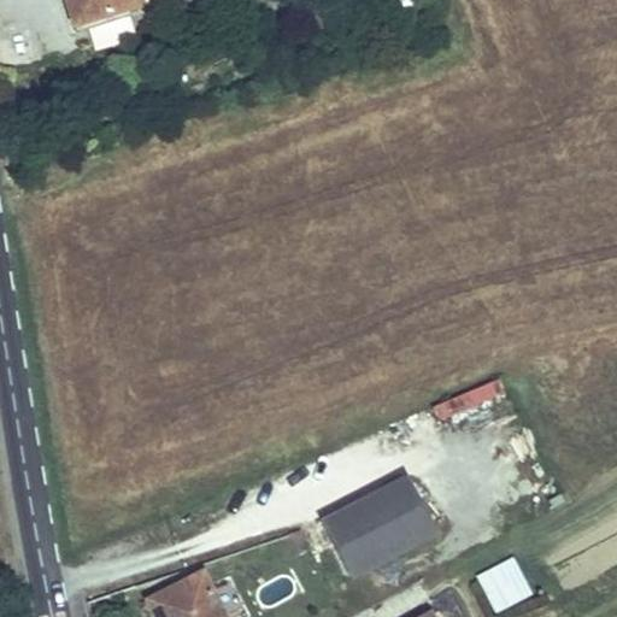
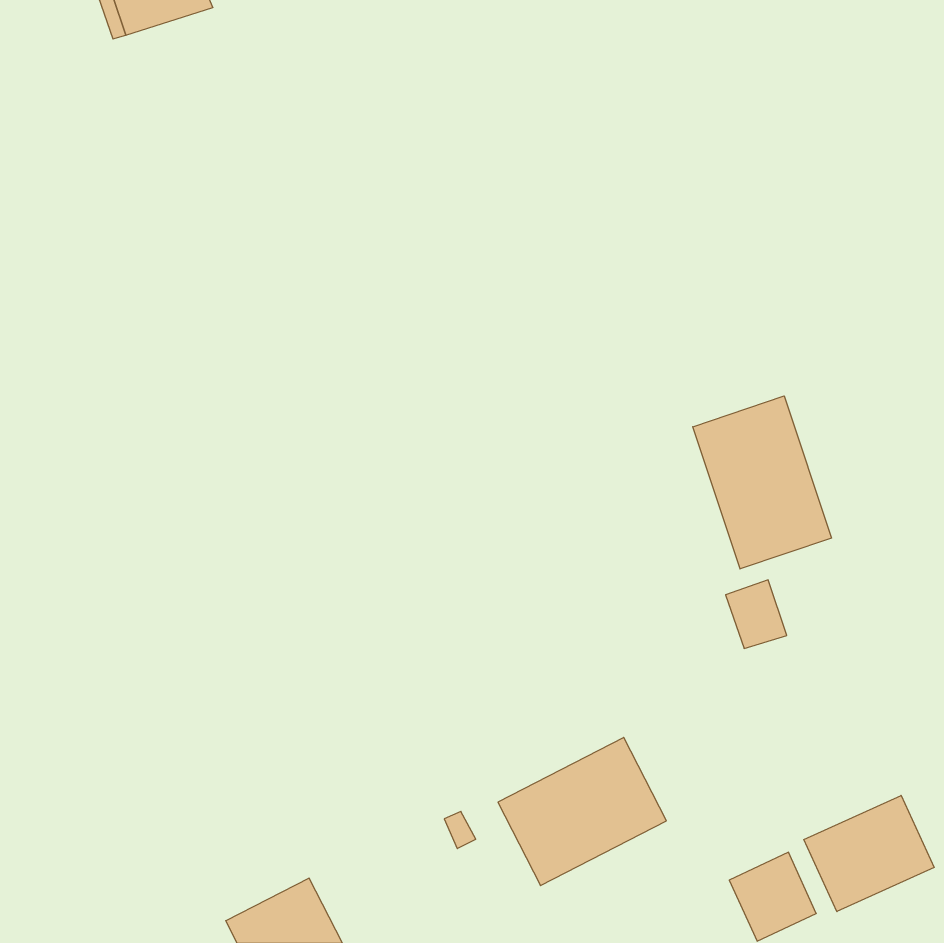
building: none -> [693,396,831,569]
building: none -> [804,795,934,912]

